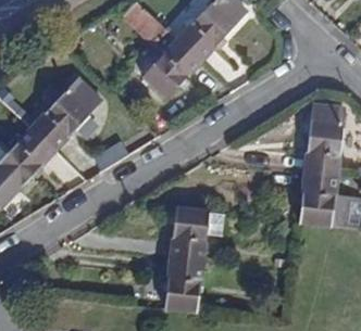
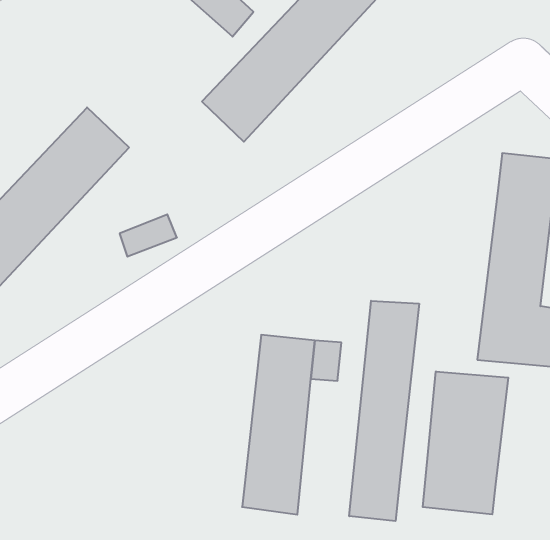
building: none -> [349,301,419,521]
building: none -> [423,371,508,514]

